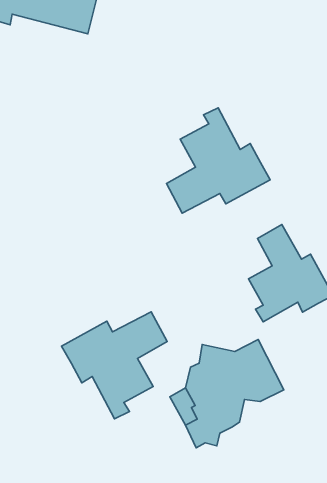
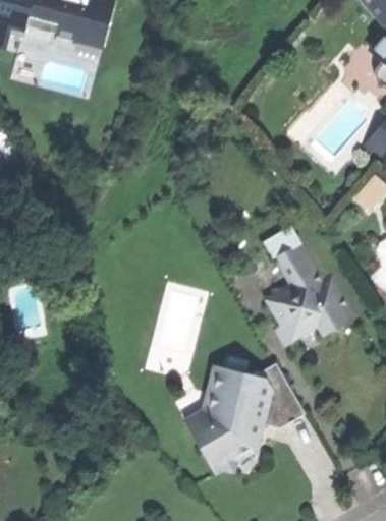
building: [166,108,270,213] -> none
building: [62,312,167,419] -> none

